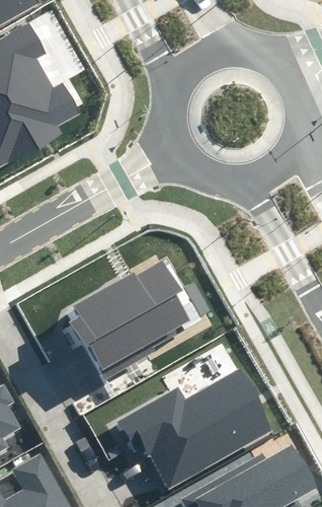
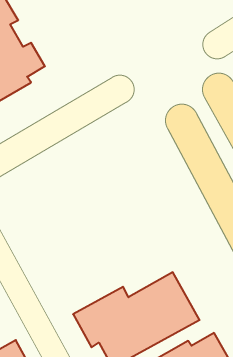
building: [66,258,194,381] -> none

